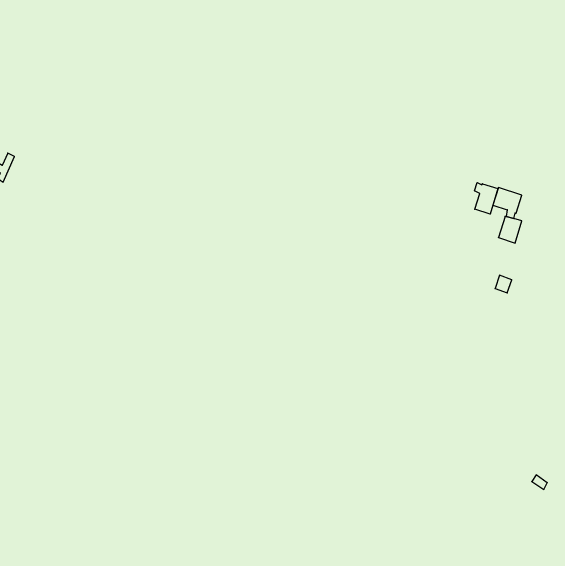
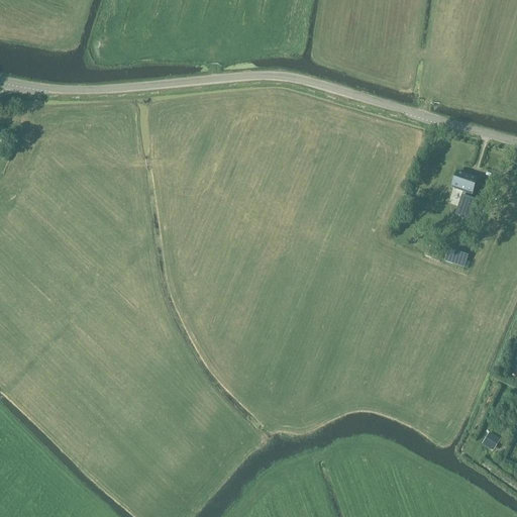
building: [475,183,498,214] -> none

